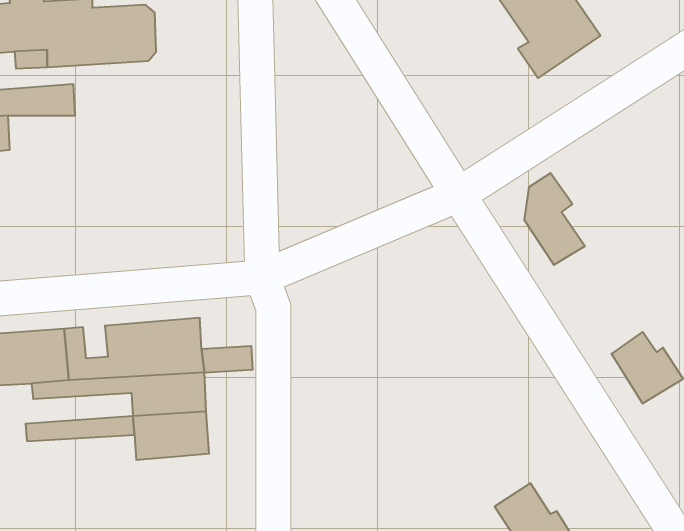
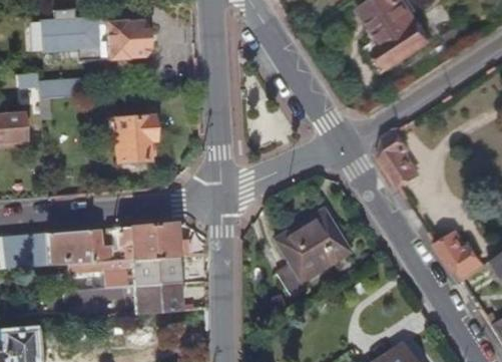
building: none -> [114,104,154,163]
building: none -> [277,211,355,300]

